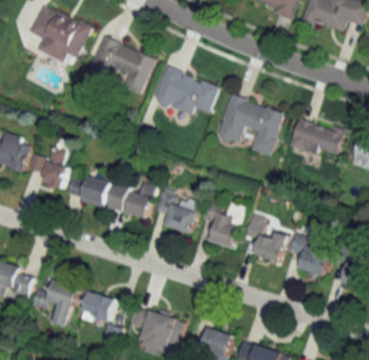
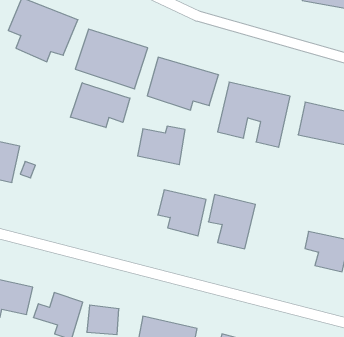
building: none -> [70,83,130,128]
building: [42,148,68,189] -> none
building: [65,174,111,209] -> none
building: [110,183,155,219] -> [138,126,185,165]
building: [246,214,286,261] -> none

